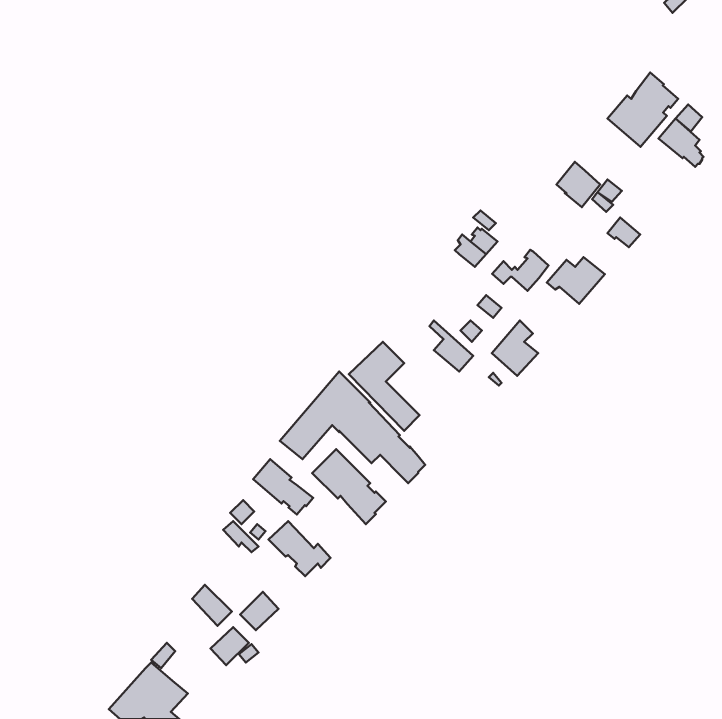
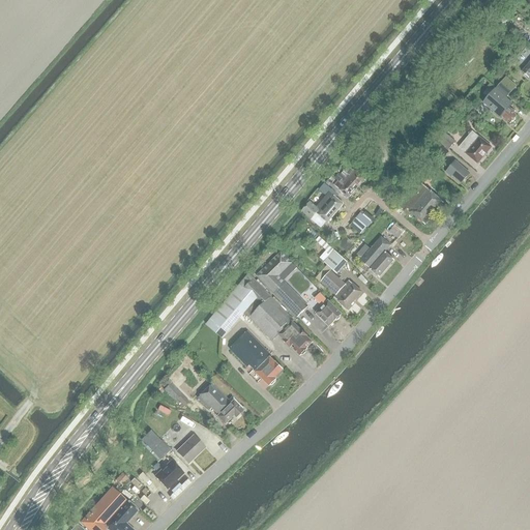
building: [607,73,678,147] -> none
building: [557,162,600,207] -> [459,129,491,163]
building: [492,250,549,291] -> [301,192,343,222]
building: none -> [320,269,361,307]
building: none -> [315,294,341,325]
building: [253,459,313,515] -> none

